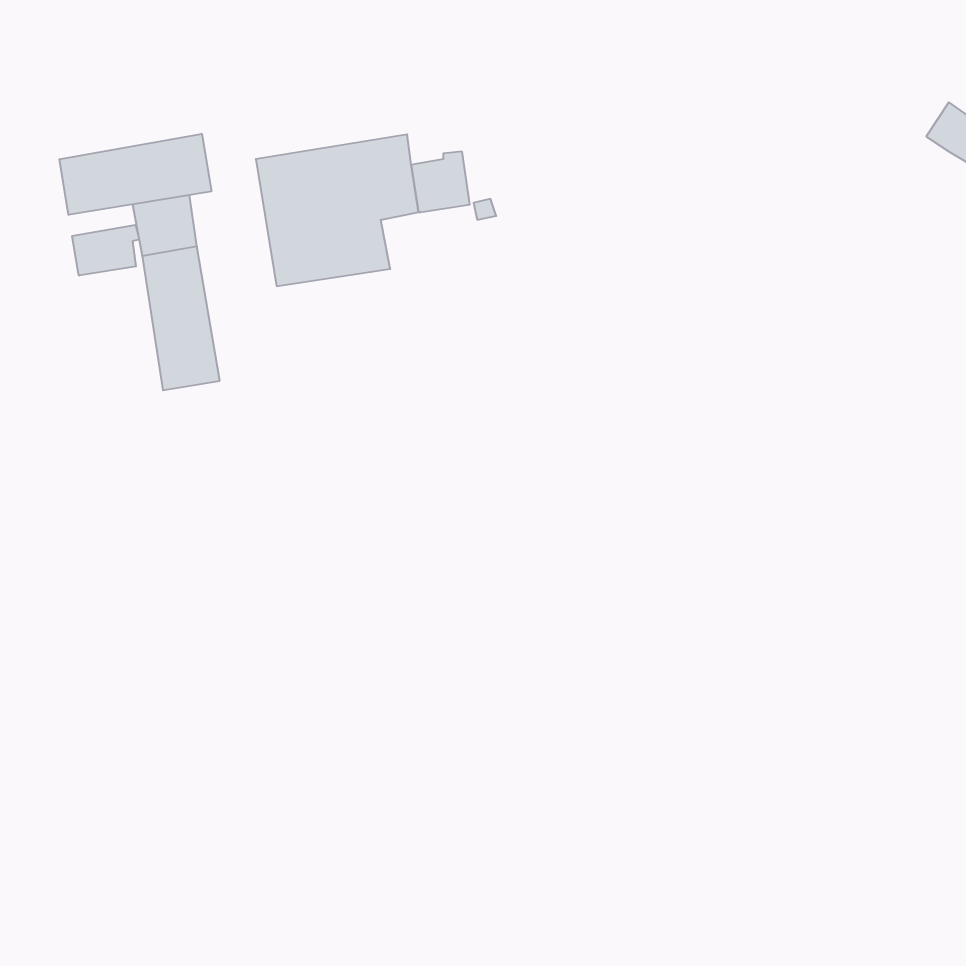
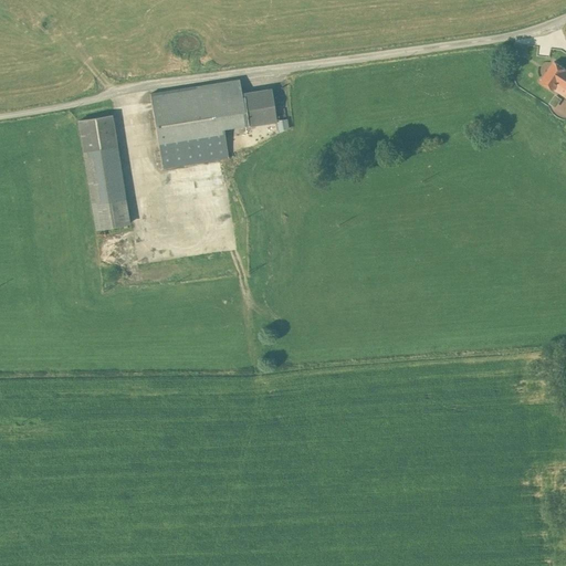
building: [60,134,211,215] -> none
building: [72,225,139,276] -> none

